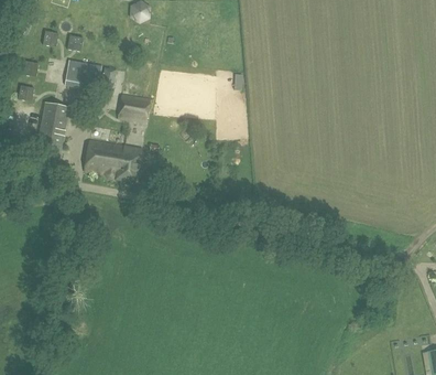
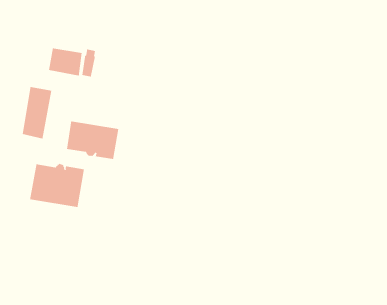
building: [117,94,150,124] -> none
building: none -> [30,163,84,208]

